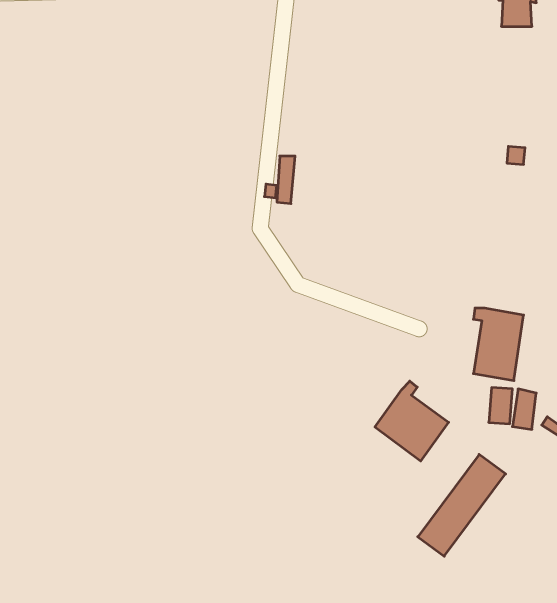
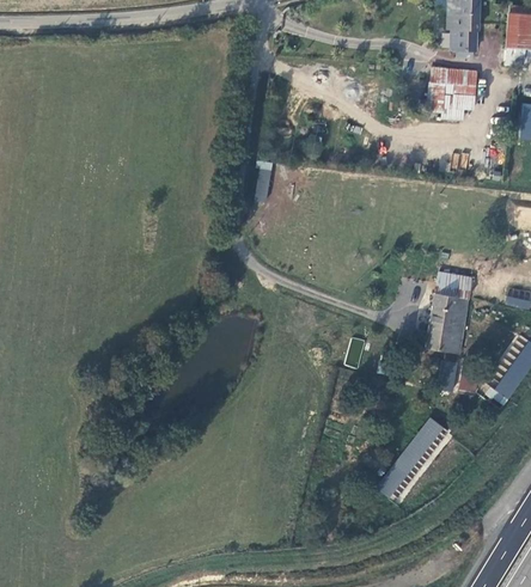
building: none -> [427,69,476,120]
building: none -> [434,273,471,298]
building: [375,381,449,461] -> none

